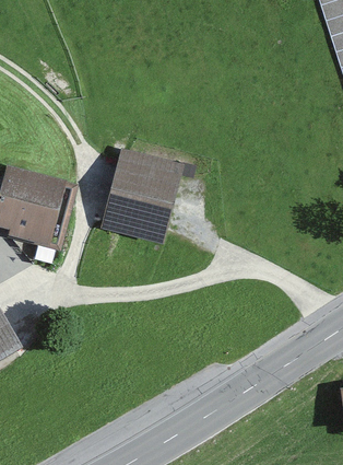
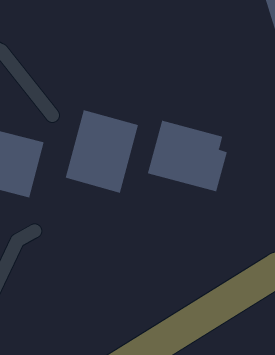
building: none -> [147,120,227,192]

